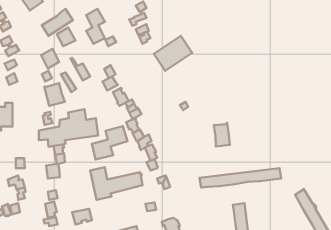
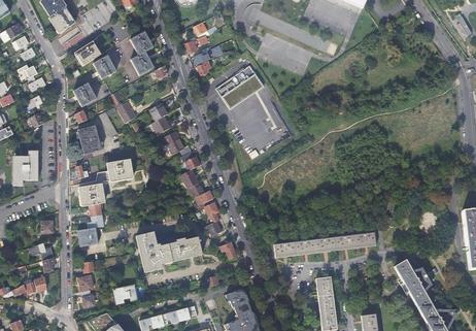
building: [214,123,230,147] -> none
building: [92,126,128,160] -> none

